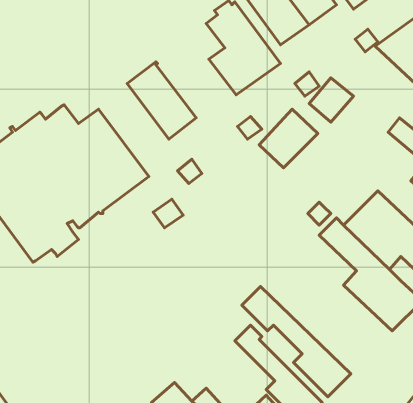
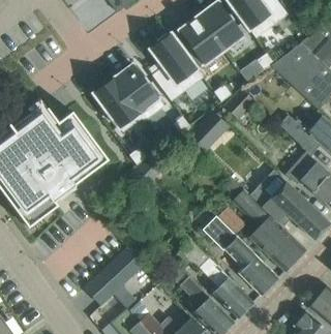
building: none -> [114,64,166,121]
building: none -> [205,217,278,295]
building: none -> [85,247,145,305]

